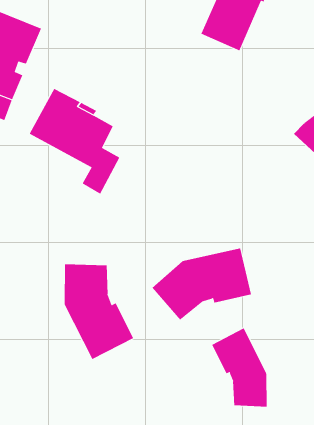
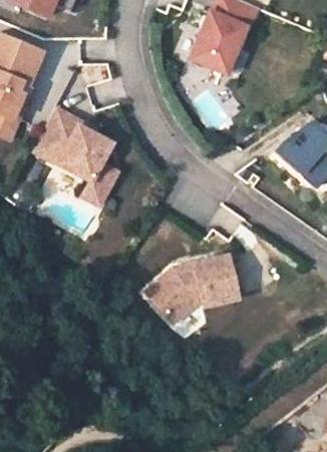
building: [64,263,134,360] -> none
building: [211,327,267,408] -> none

